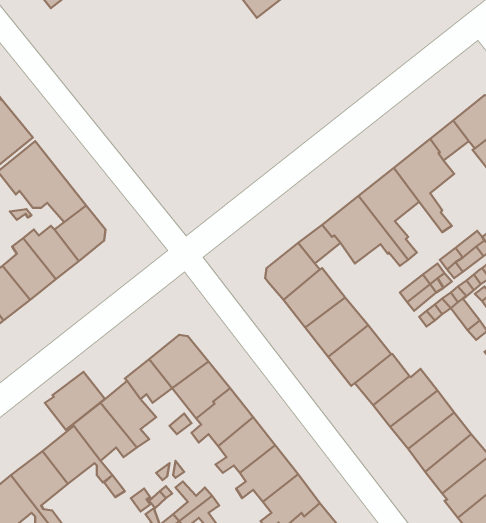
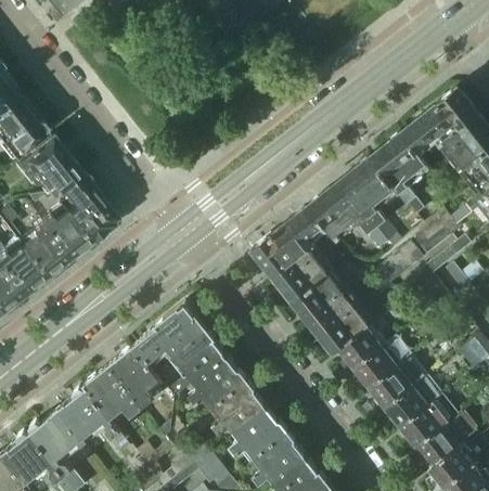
building: [45,372,105,430] -> none

